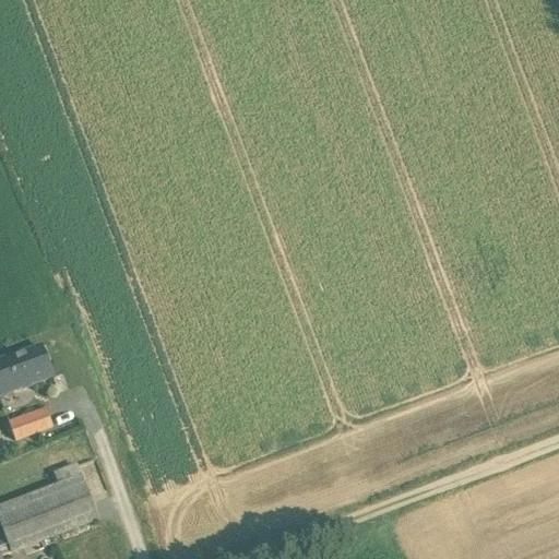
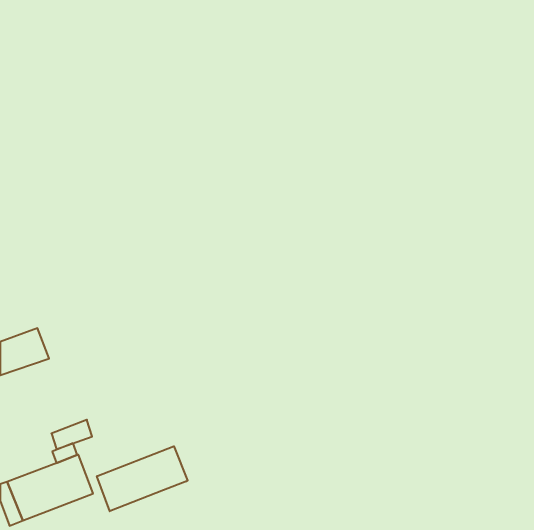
building: [9,406,51,437] -> [51,420,92,449]
building: none -> [97,446,188,511]

